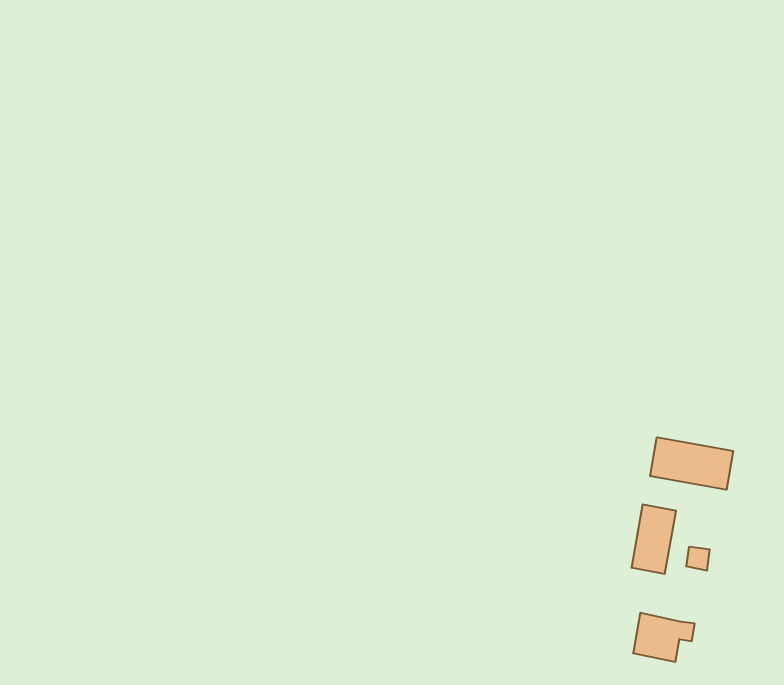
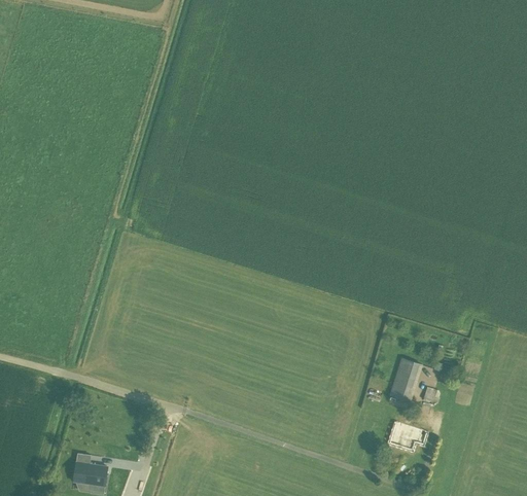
building: [650,437,733,490] -> none

